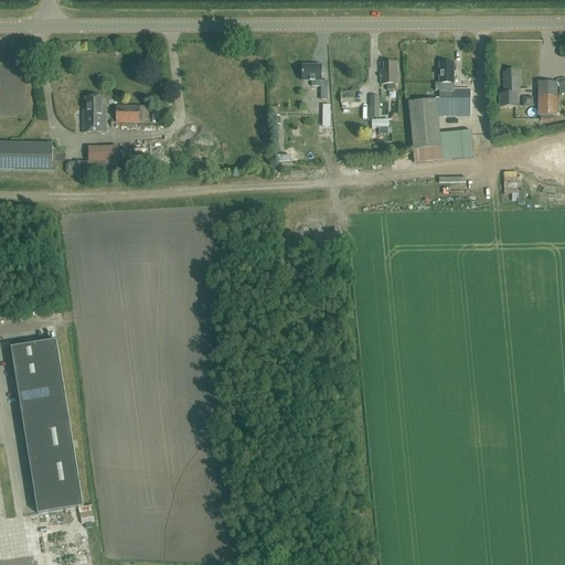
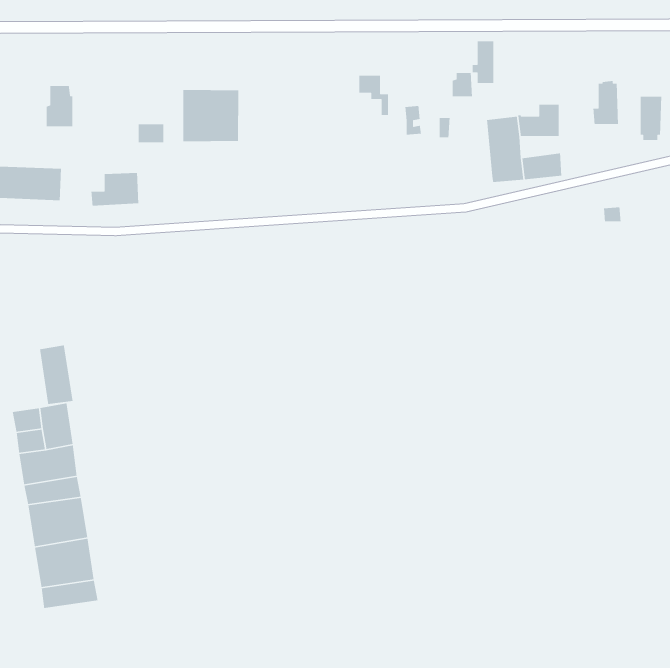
building: [434,61,452,97] -> [472,40,494,84]
building: none -> [183,89,239,142]
building: [82,95,105,130] -> [46,85,73,127]
building: none -> [39,345,73,405]

